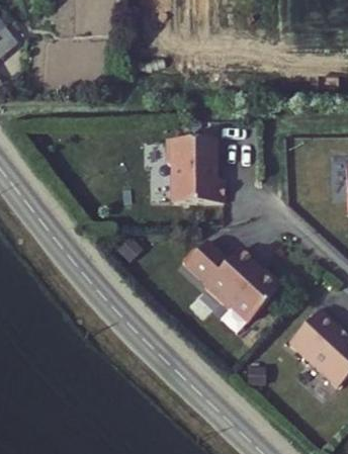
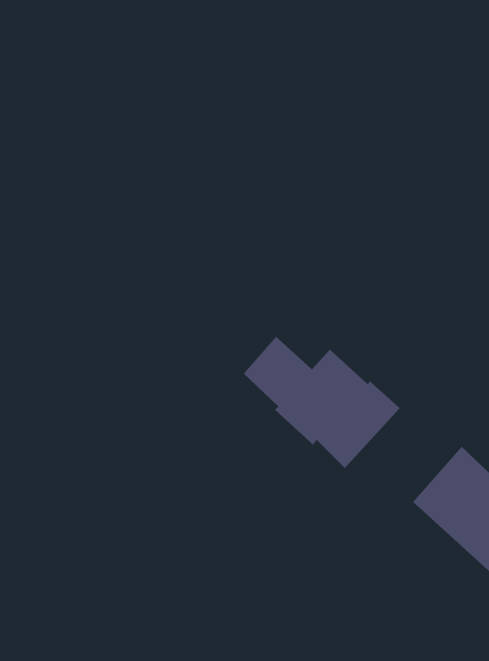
building: [153,137,206,203] -> none

